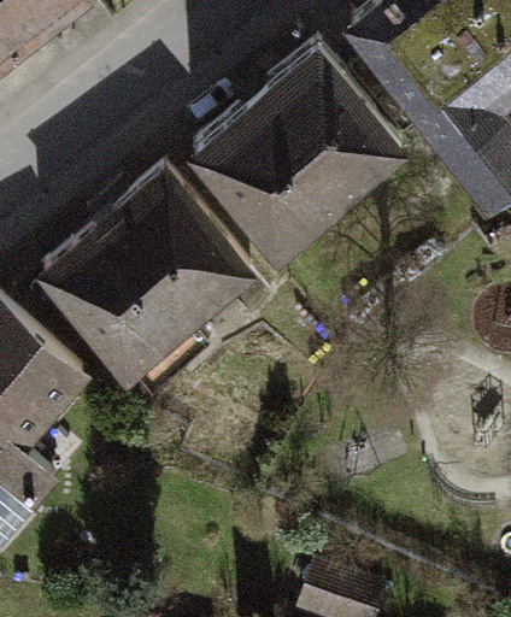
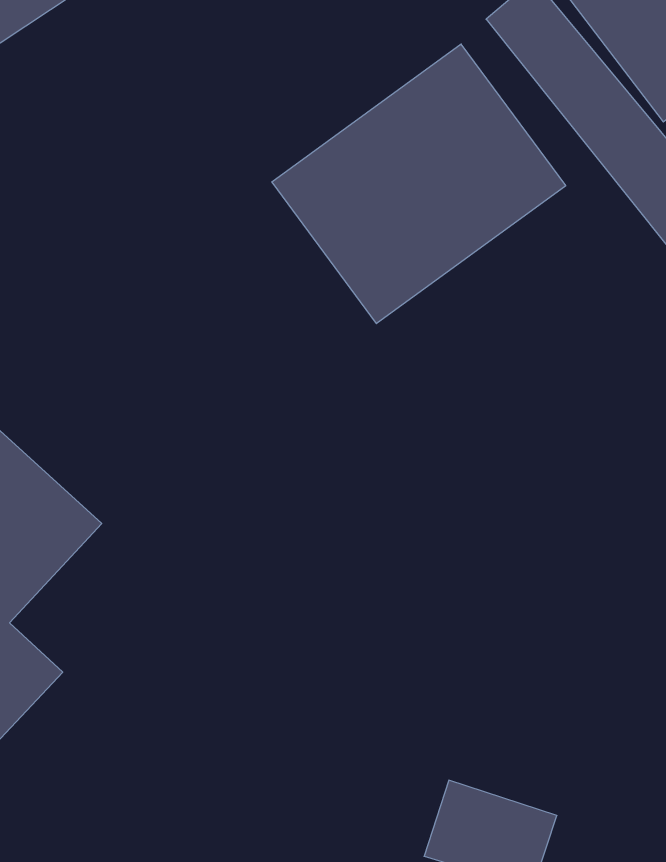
building: [47,169,253,370] -> none

